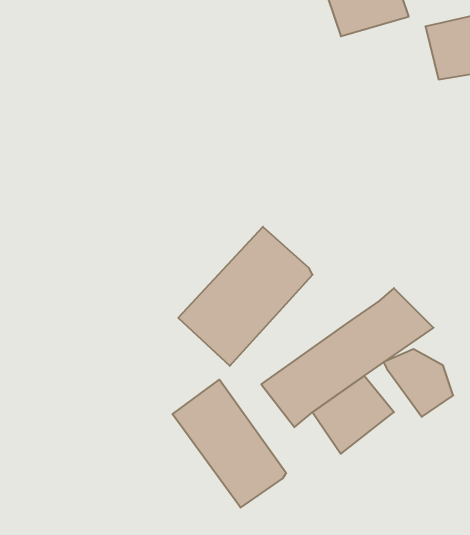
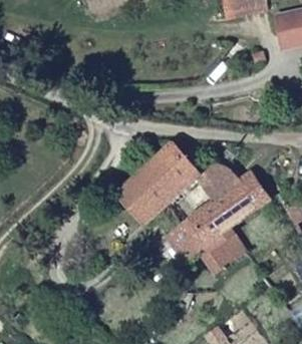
building: [384,349,453,417] -> [197,154,239,196]
building: [172,380,286,508] -> none

